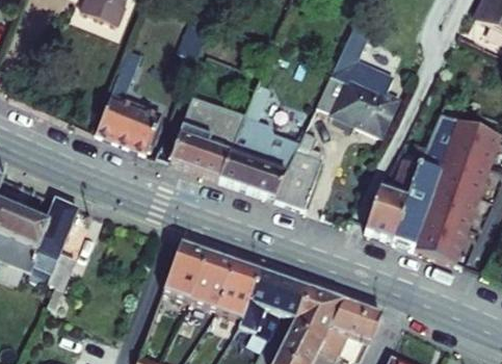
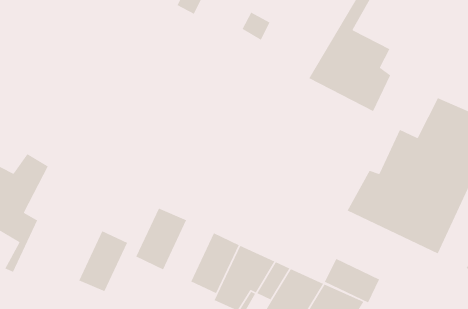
building: [94,70,160,155] -> none
building: [165,82,319,208] -> none
building: [195,251,239,309] -> [78,230,128,292]
building: none -> [324,258,380,303]

